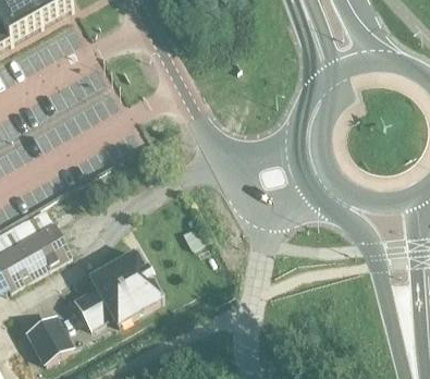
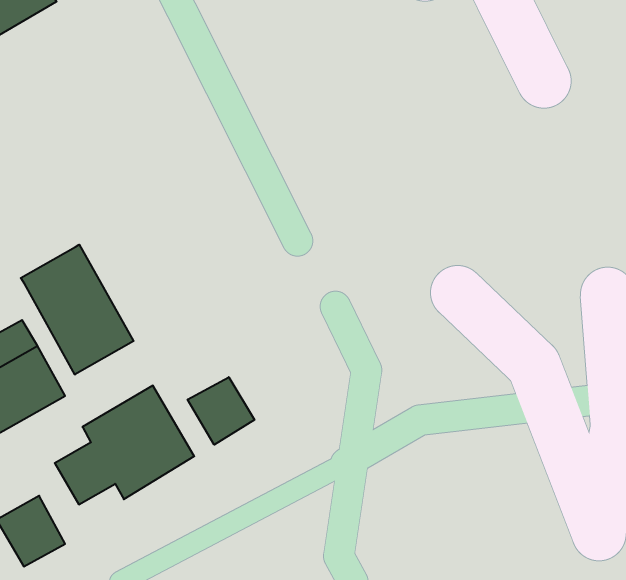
building: none -> [21,245,134,375]
building: none -> [188,377,254,445]

